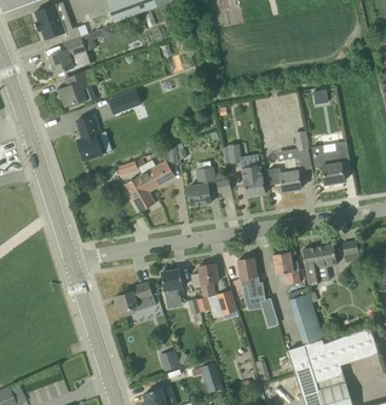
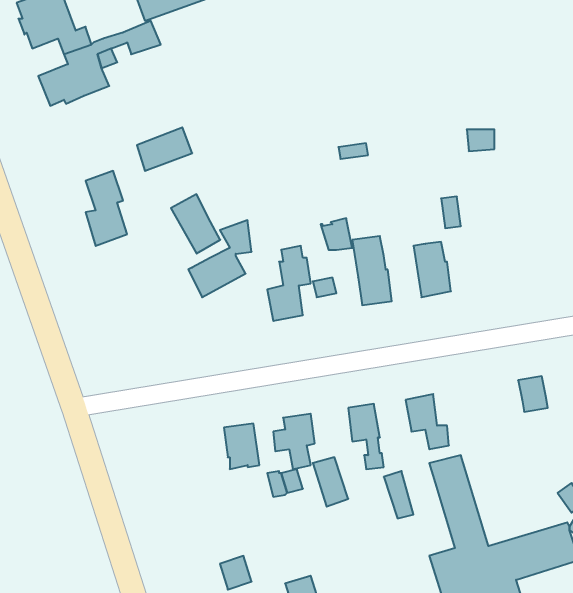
building: [59,70,96,105] -> none
building: [313,140,350,184] -> none
building: [125,174,155,210] -> [171,194,220,254]
building: [303,244,336,283] -> none
building: [115,280,154,317] -> none

